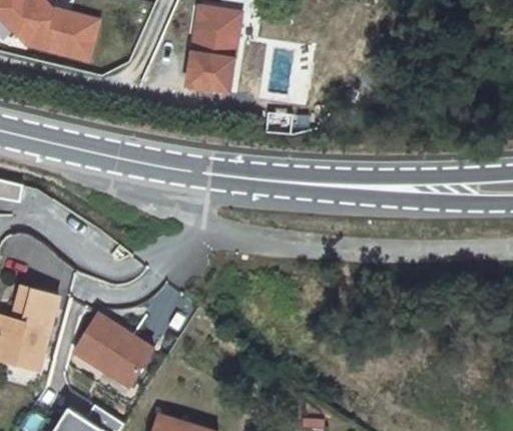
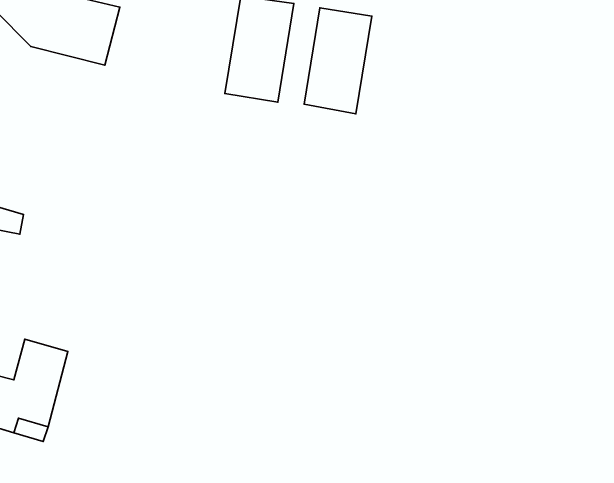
building: none -> [304,8,372,114]
building: [73,313,152,386] -> none

